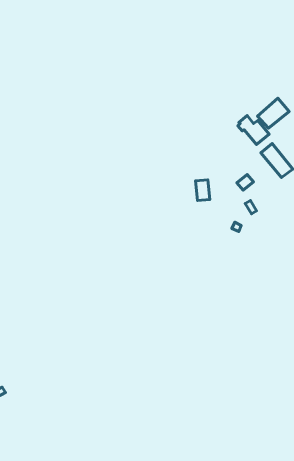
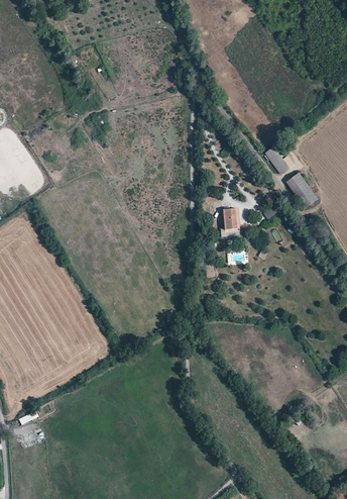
building: [257,98,289,128] -> none

